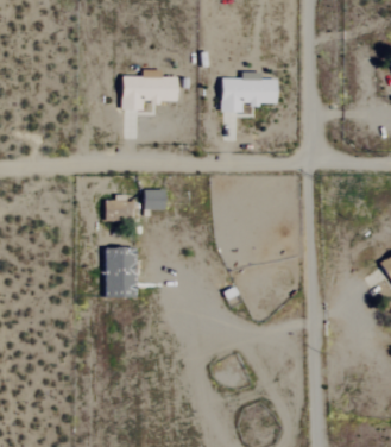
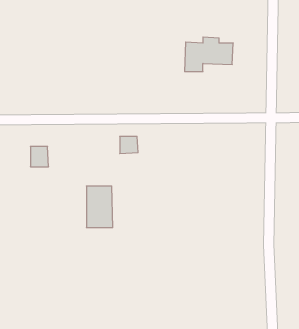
building: [122,71,178,112] -> none
building: [106,197,127,221] -> [30,146,49,167]

